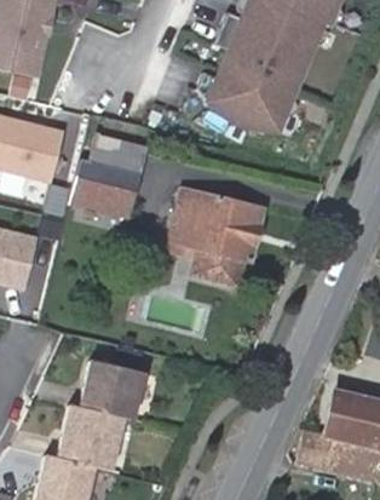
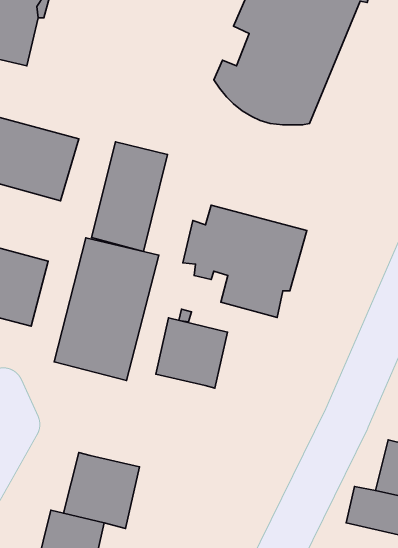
building: none -> [54,238,159,381]
building: [82,356,144,416] -> [156,318,228,388]

